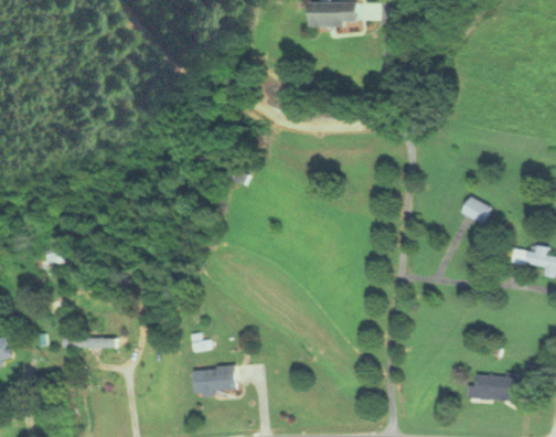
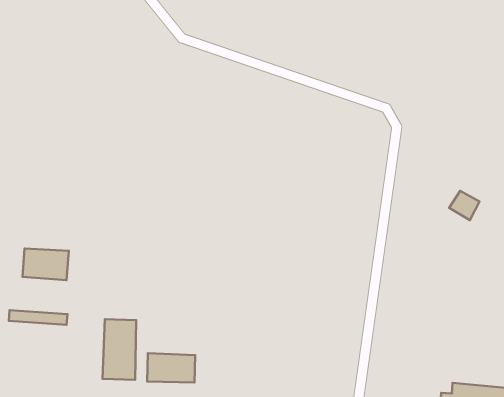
building: none -> [23,249,69,280]
building: none -> [103,319,136,380]

